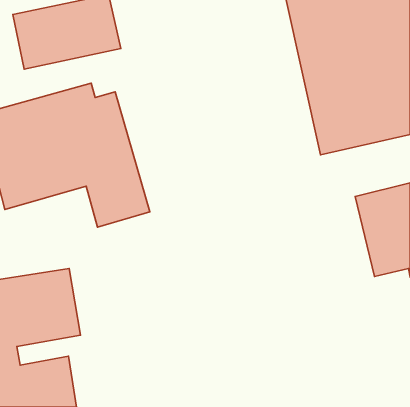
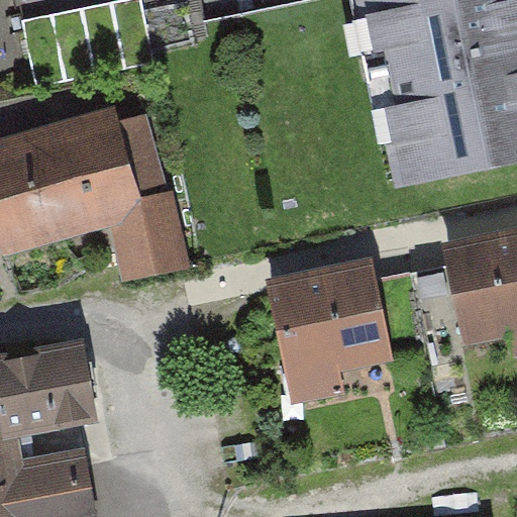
building: none -> [269,253,397,403]

